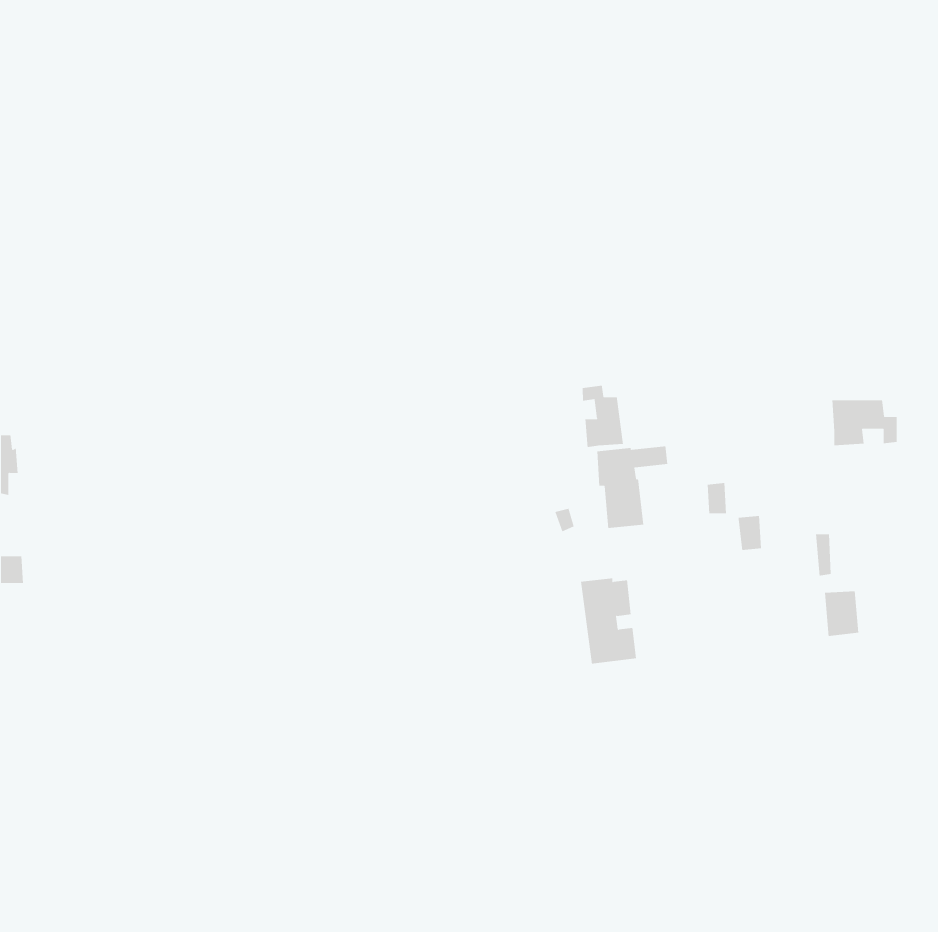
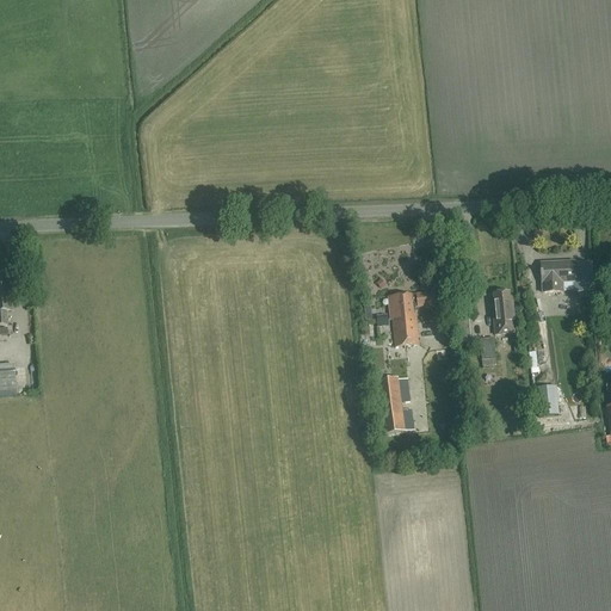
building: [582,385,623,448] -> none
building: none -> [493,290,516,333]

